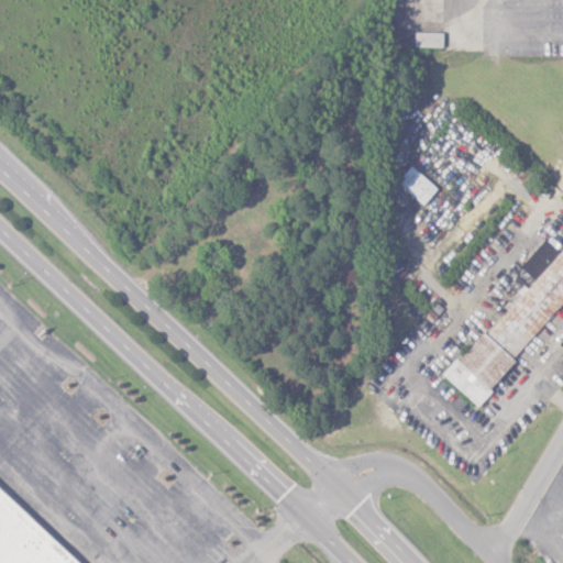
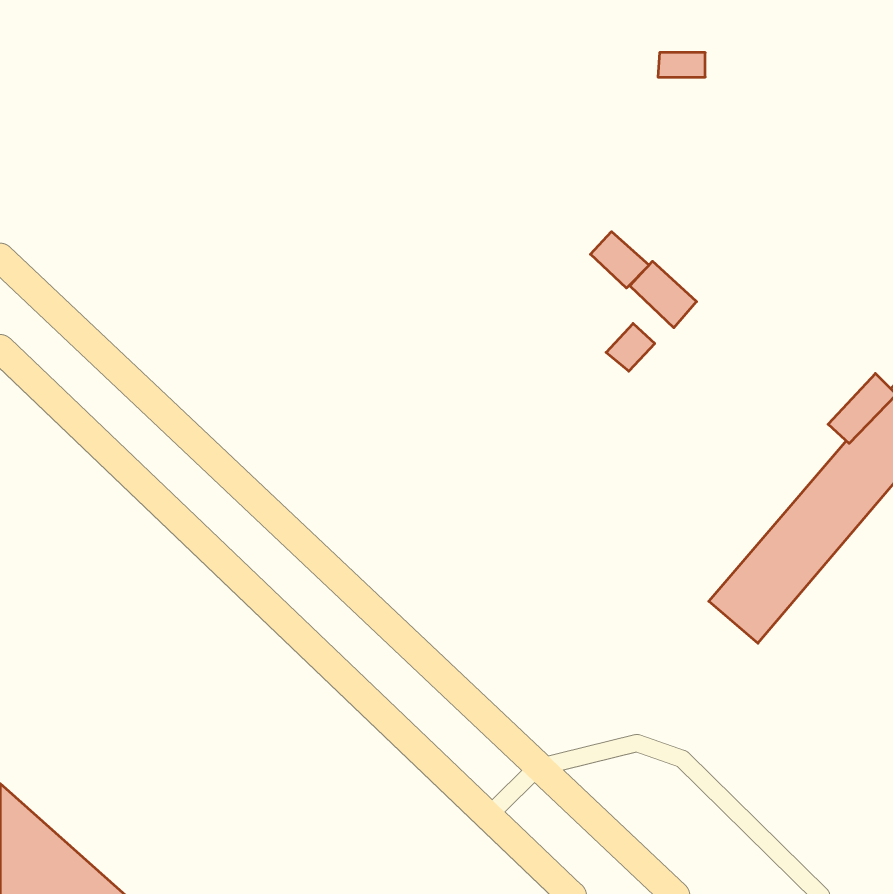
building: none -> [590,232,649,288]
building: none -> [606,323,655,371]

